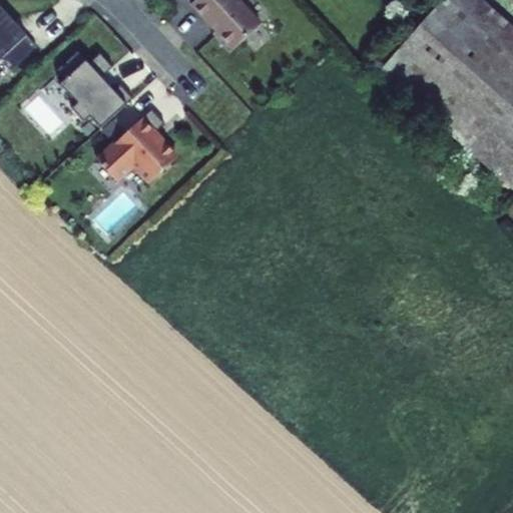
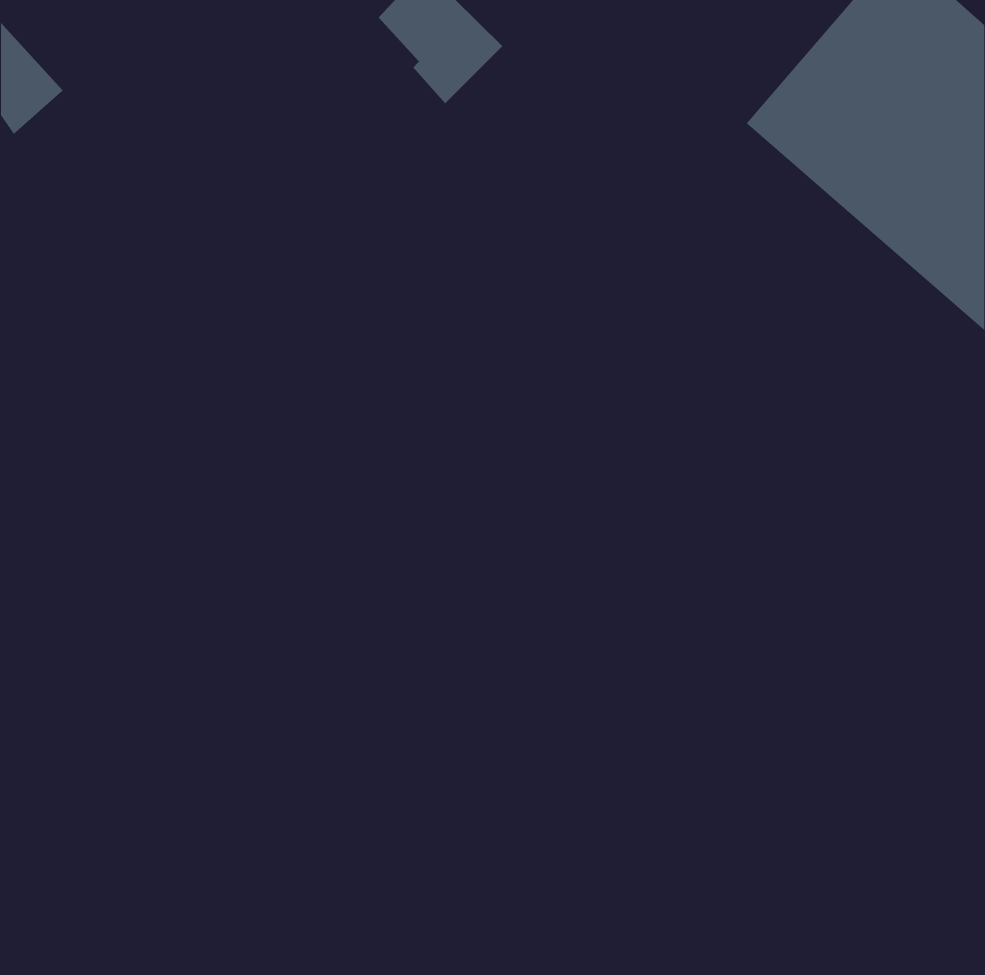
building: [56,50,128,126] -> none
building: [97,107,176,180] -> none

